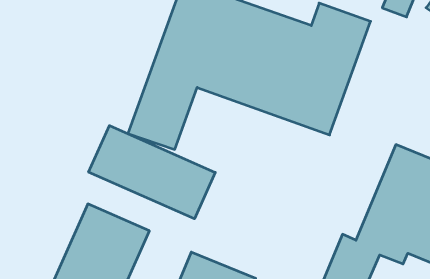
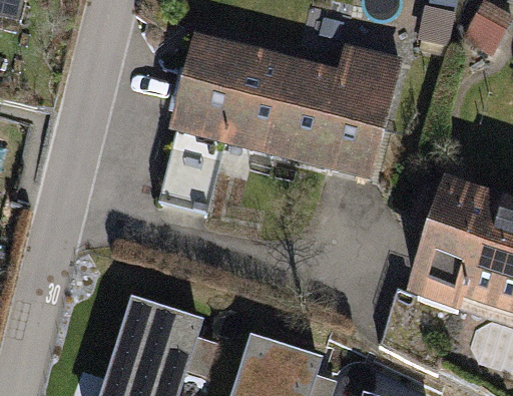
building: [89,126,215,219] -> none

